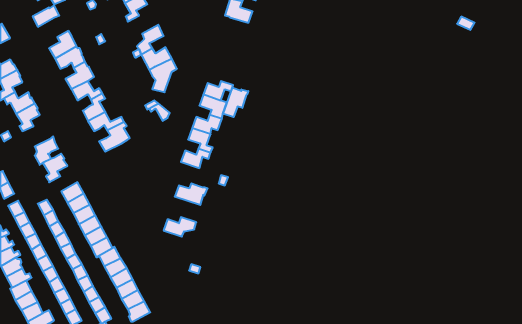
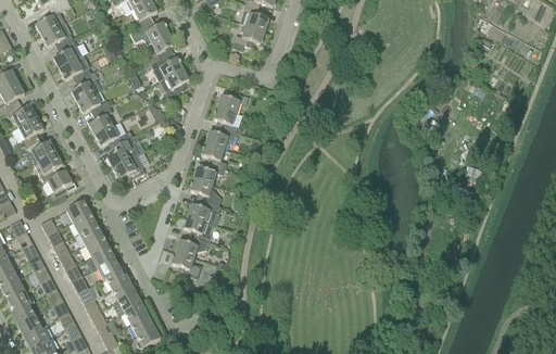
building: none -> [129,21,168,43]
building: none -> [40,22,73,46]
building: none -> [231,23,264,49]
building: [223,88,248,117] -> none
building: none -> [16,139,56,161]
building: none -> [112,153,146,178]
building: none -> [189,177,220,204]
building: none -> [182,214,213,241]
building: none -> [170,250,200,277]

